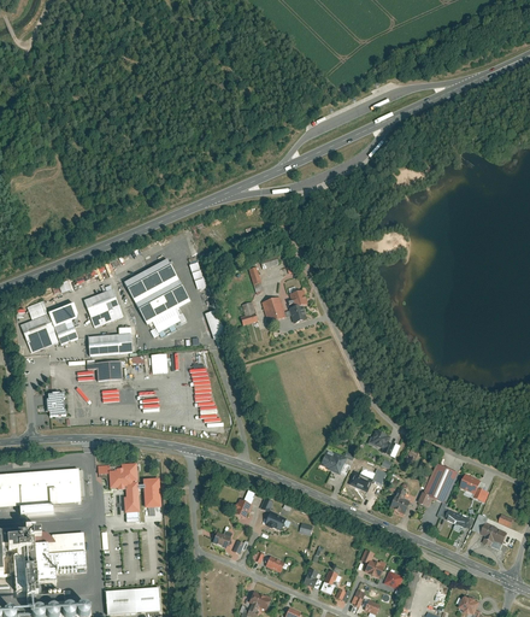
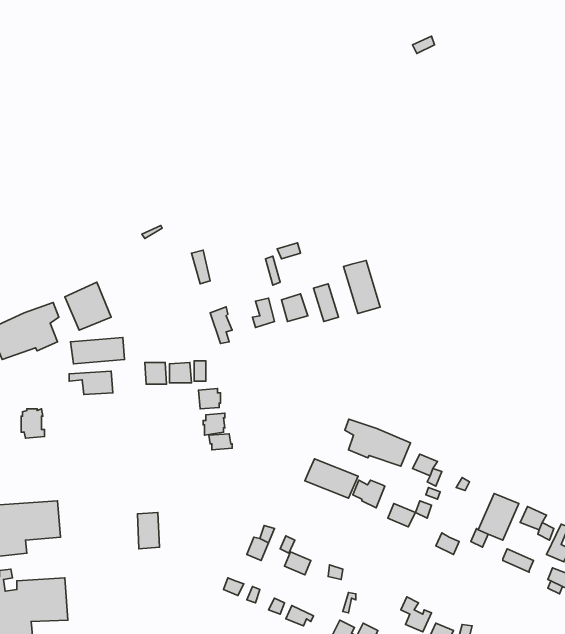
building: [124,259,190,325] -> none
building: none -> [343,260,380,313]
building: none -> [345,419,410,466]
building: none -> [305,459,358,498]
building: [99,465,139,518] -> none

